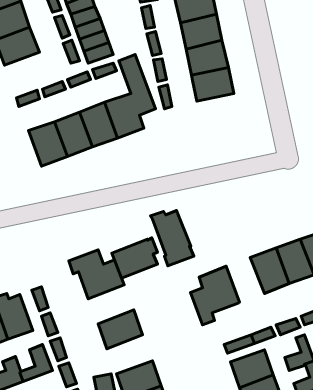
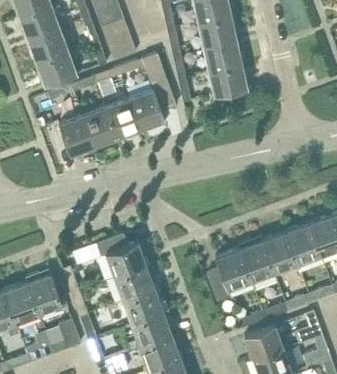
building: none -> [36,51,77,86]
building: [150,210,194,266] -> [238,240,278,291]
building: [112,238,157,278] -> [113,264,155,301]
building: none -> [130,311,172,347]

